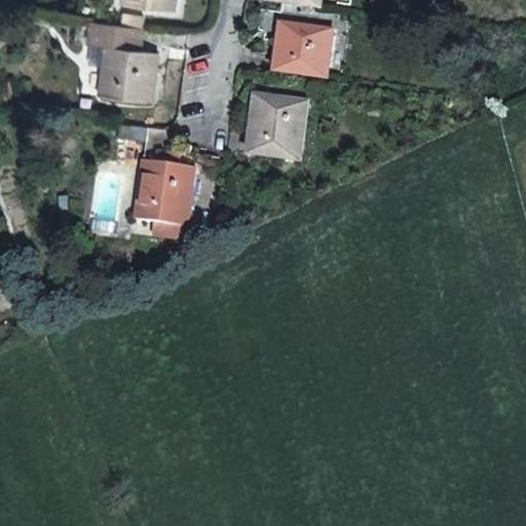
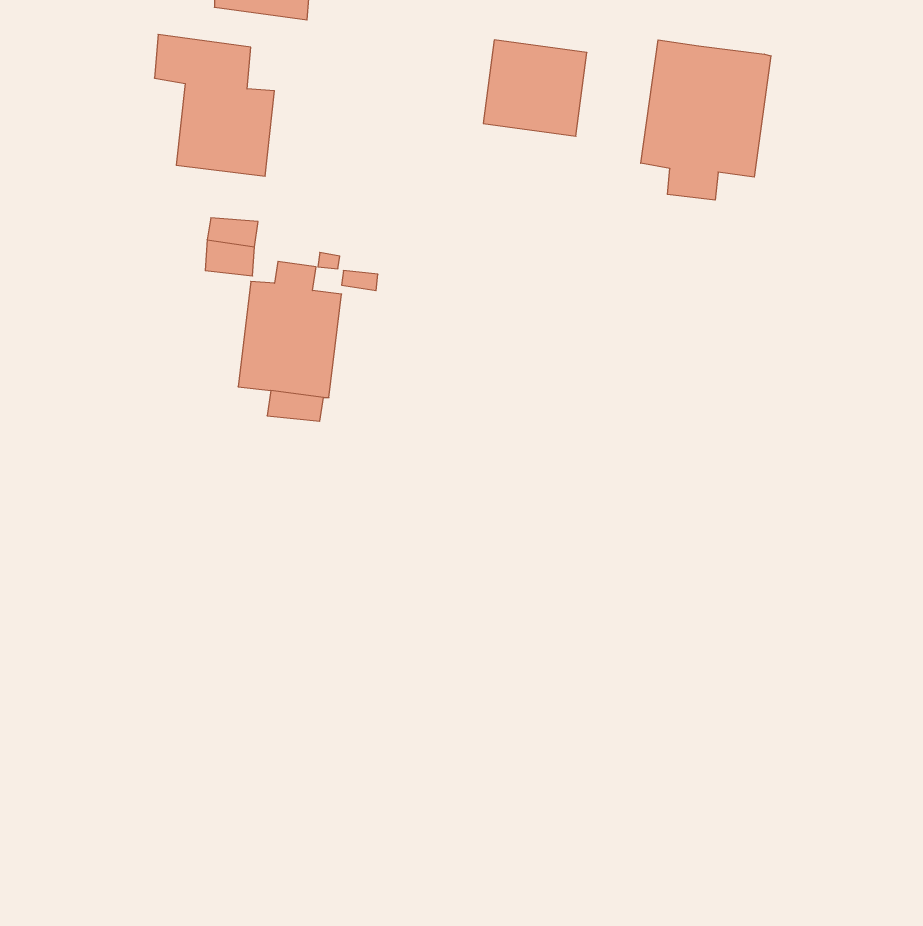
building: none -> [641,40,771,200]
building: [247,93,305,158] -> none

